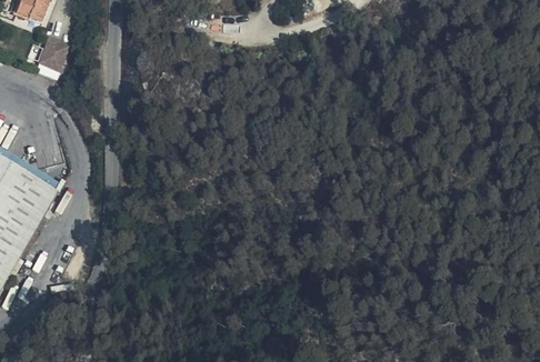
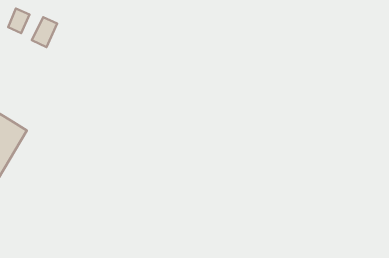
building: none -> [32,17,57,47]

